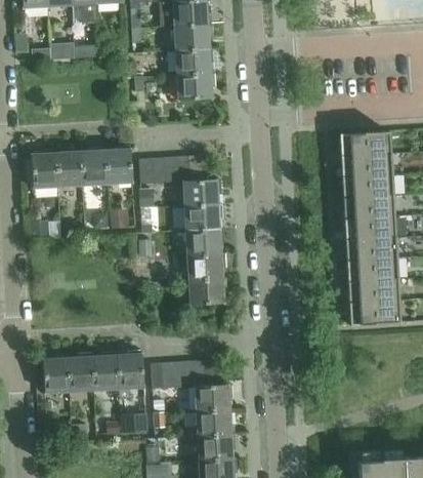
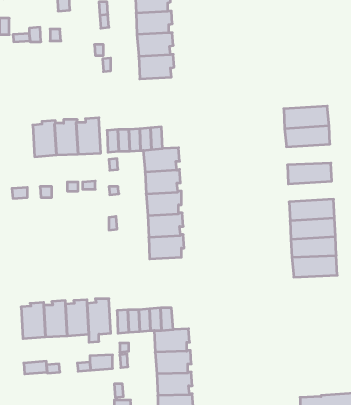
building: [30,149,56,190] -> none
building: [341,174,391,198] -> none
building: [343,216,394,240] -> none

